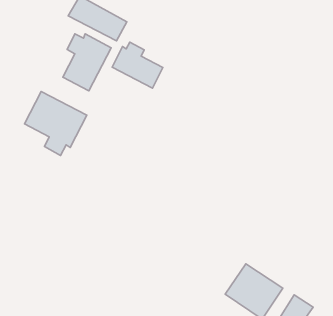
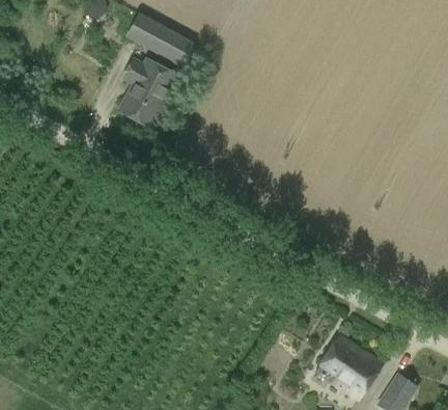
building: [112,42,163,88] -> none
building: [25,91,87,155] -> none

